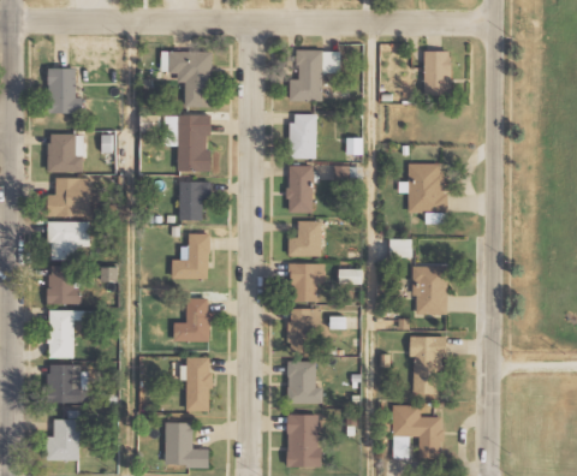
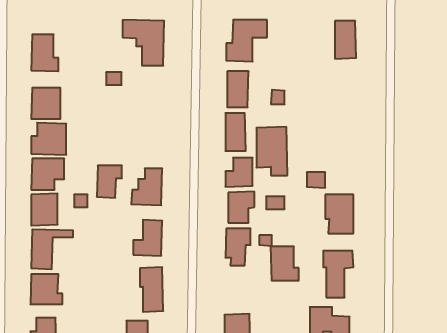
building: [162,115,210,172] -> none
building: [406,163,445,224] -> [256,127,287,175]
building: [178,182,209,221] -> [97,166,122,198]
building: [286,362,321,404] -> [271,247,299,281]

